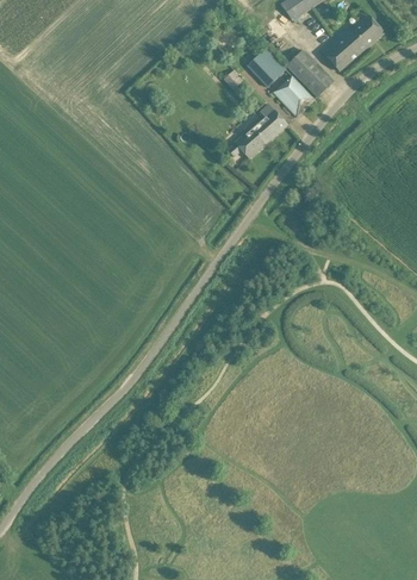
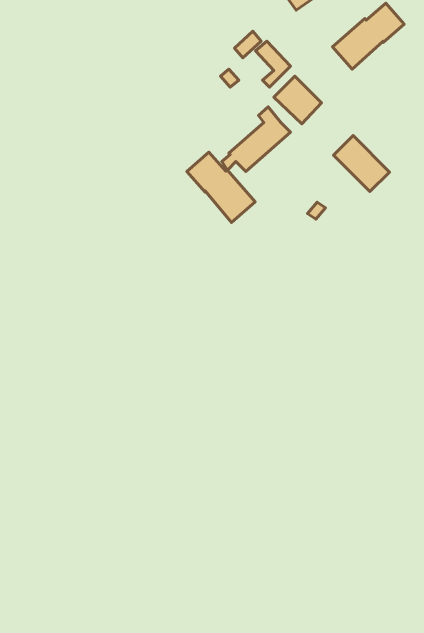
building: [286,50,334,98] -> [333,136,390,192]
building: none -> [187,152,255,222]

